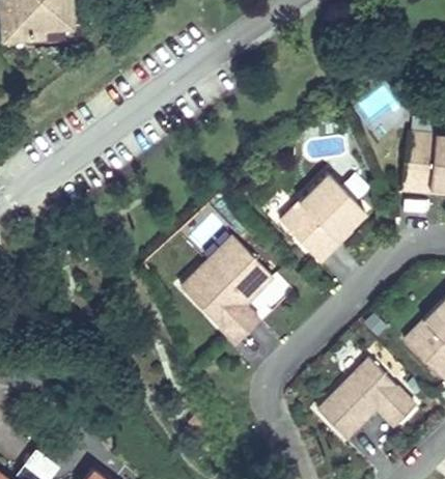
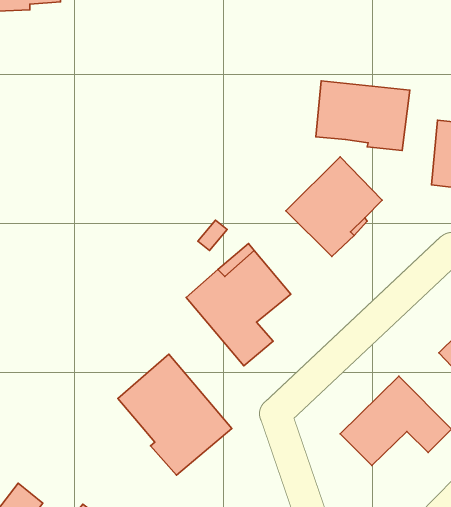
building: none -> [316,81,410,150]
building: none -> [118,354,232,475]

